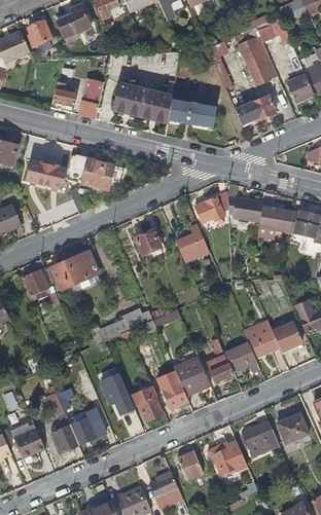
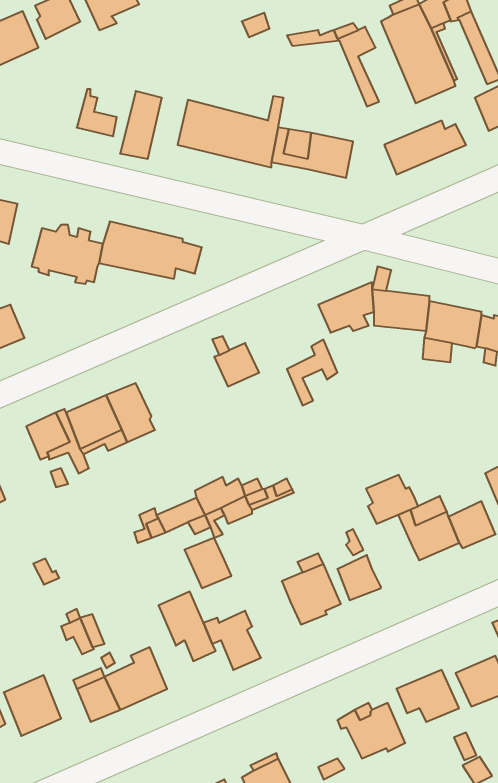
building: [226,342,257,371] -> [366,475,418,524]
building: [162,380,189,410] -> [184,538,231,588]
building: [177,450,203,479] -> none

